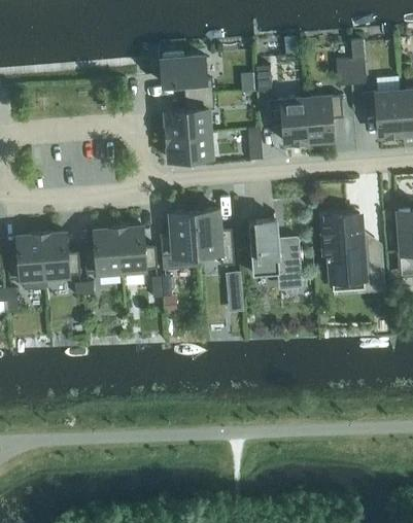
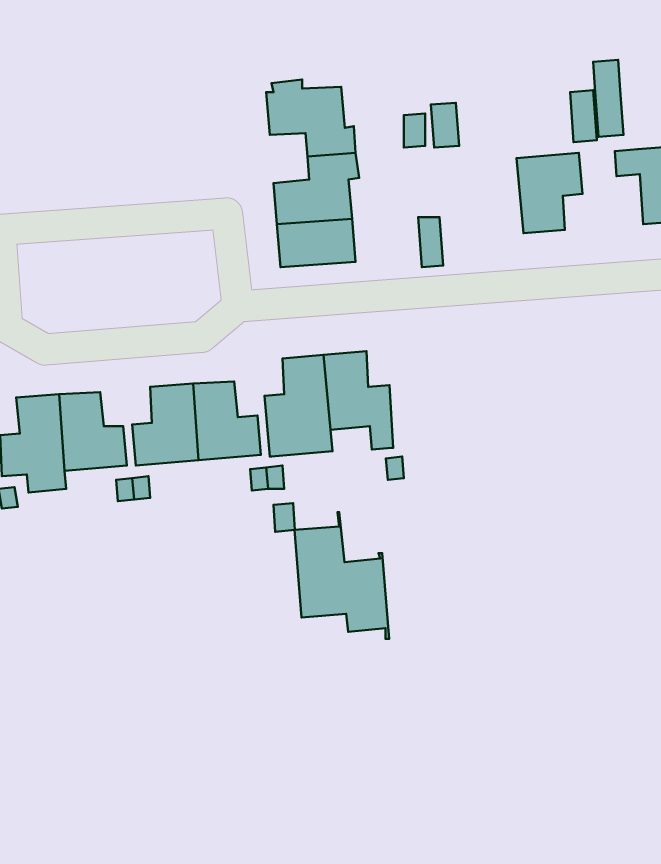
building: [271,98,310,143] -> none
building: [249,213,304,286] -> [294,512,389,639]
building: [323,214,384,291] -> none

